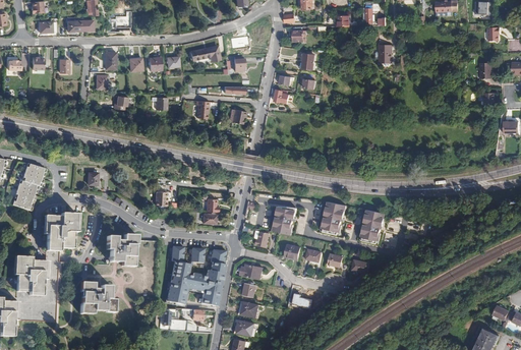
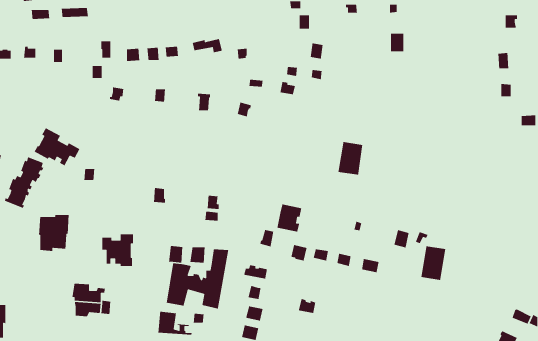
building: none -> [34,127,80,167]
building: [320,200,344,233] -> [337,141,363,176]
building: [359,209,384,242] -> [420,245,446,281]
building: [15,256,44,293] -> none

